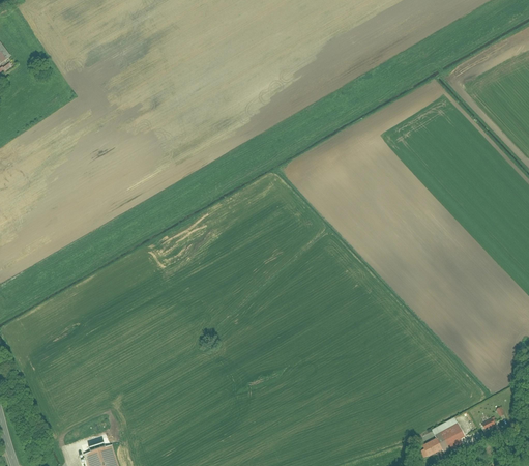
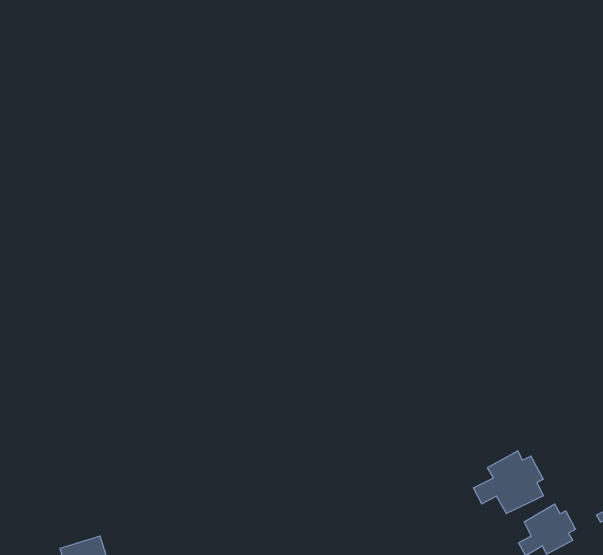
building: none -> [473,451,543,514]

